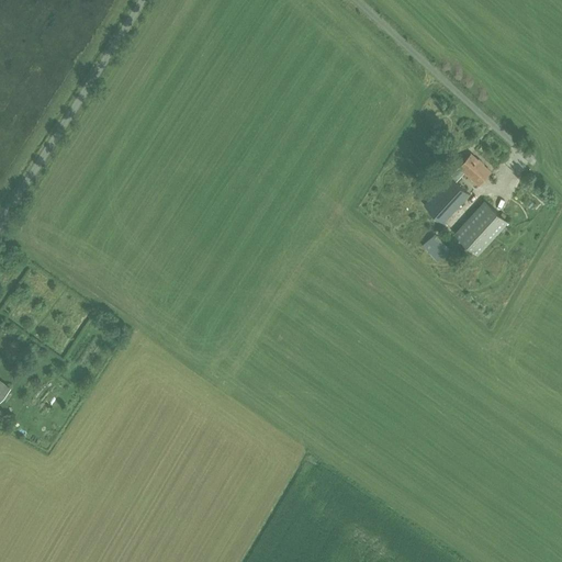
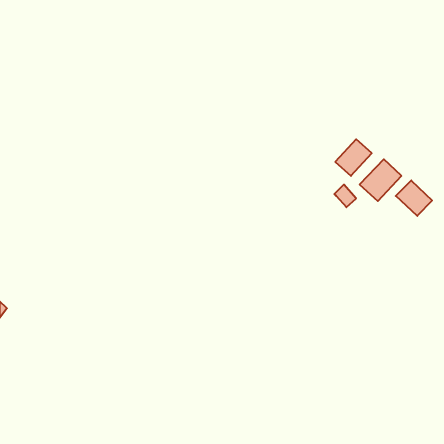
building: [458,155,490,186] -> none
building: none -> [396,180,432,216]

